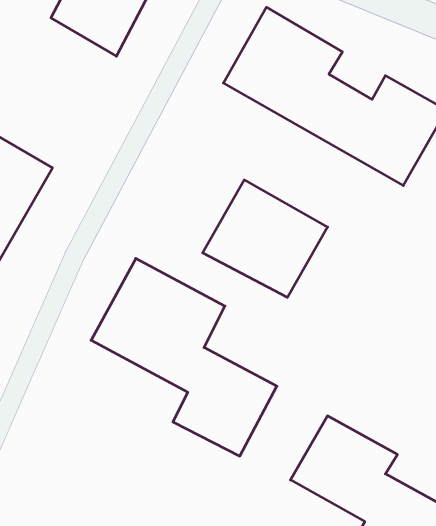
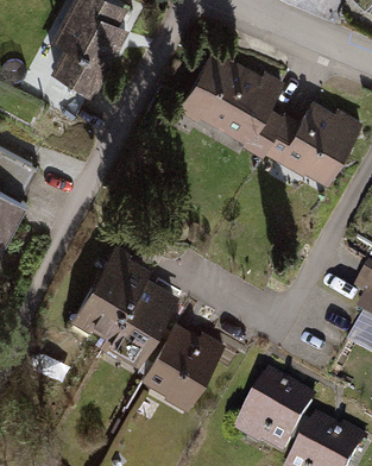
building: [203,180,328,297] -> none

